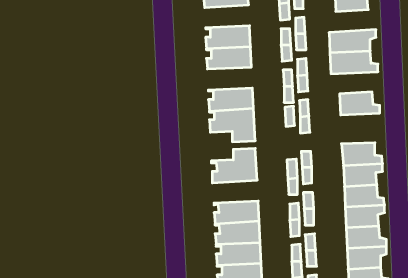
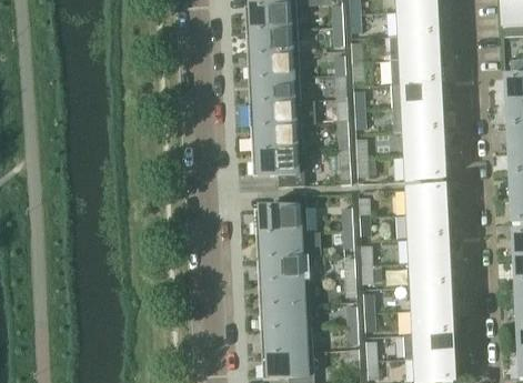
building: none -> [245,28,298,54]
building: none -> [389,33,444,60]
building: none -> [249,100,301,127]
building: none -> [392,105,446,131]
building: none -> [403,153,450,180]
building: none -> [254,231,308,258]

